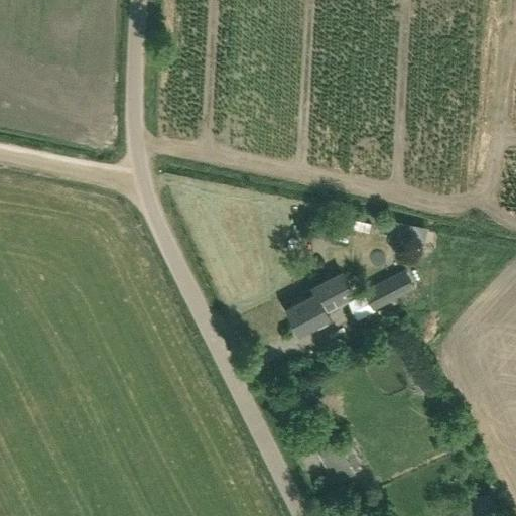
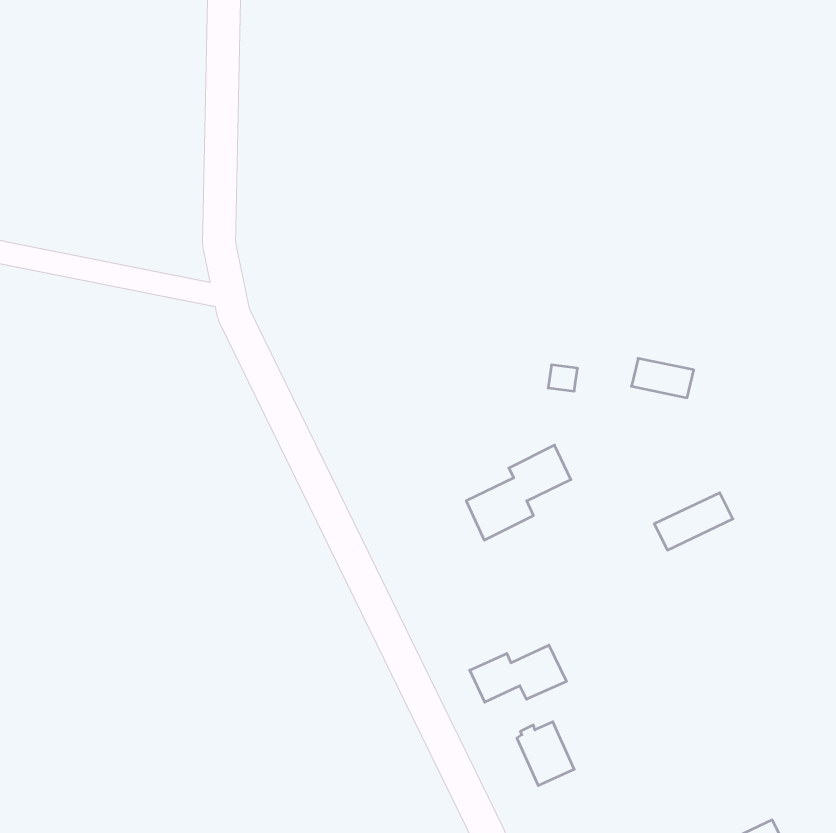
building: [365,276,413,311] -> [654,493,733,550]
building: none -> [470,645,566,702]

